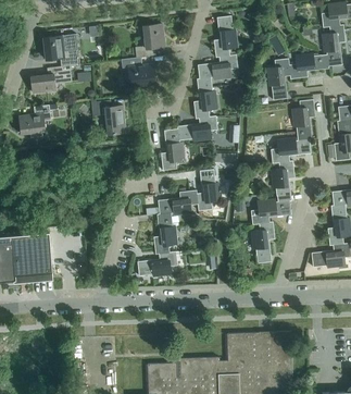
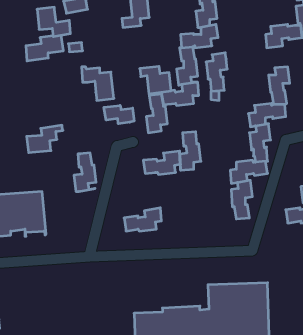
building: [121,57,154,86] -> [140,66,171,94]
building: [267,58,290,99] -> [206,53,227,91]
building: [18,103,58,133] -> [27,125,63,153]
building: none -> [104,105,134,124]
building: [153,212,177,254] -> [74,153,96,191]

